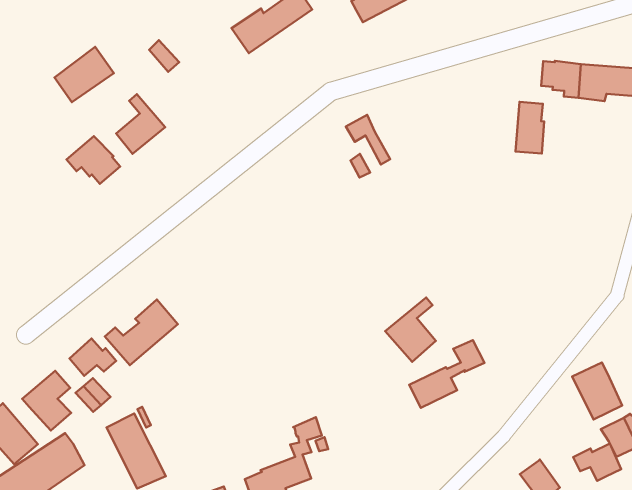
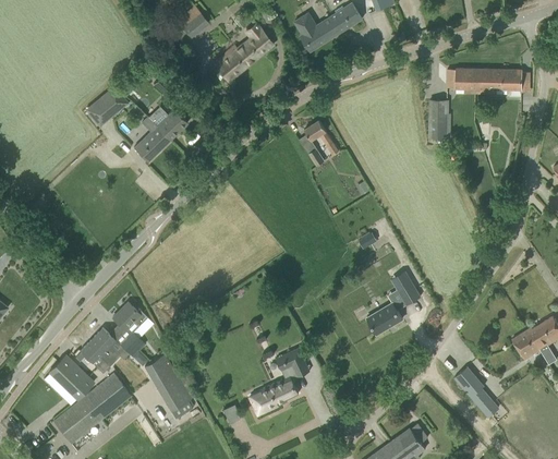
building: none -> [147,106,187,140]
building: [66,136,120,184] -> none
building: [385,298,436,362] -> none
building: [105,300,178,365] -> none
building: [572,363,622,420] -> none
building: [573,443,621,481] -> none

